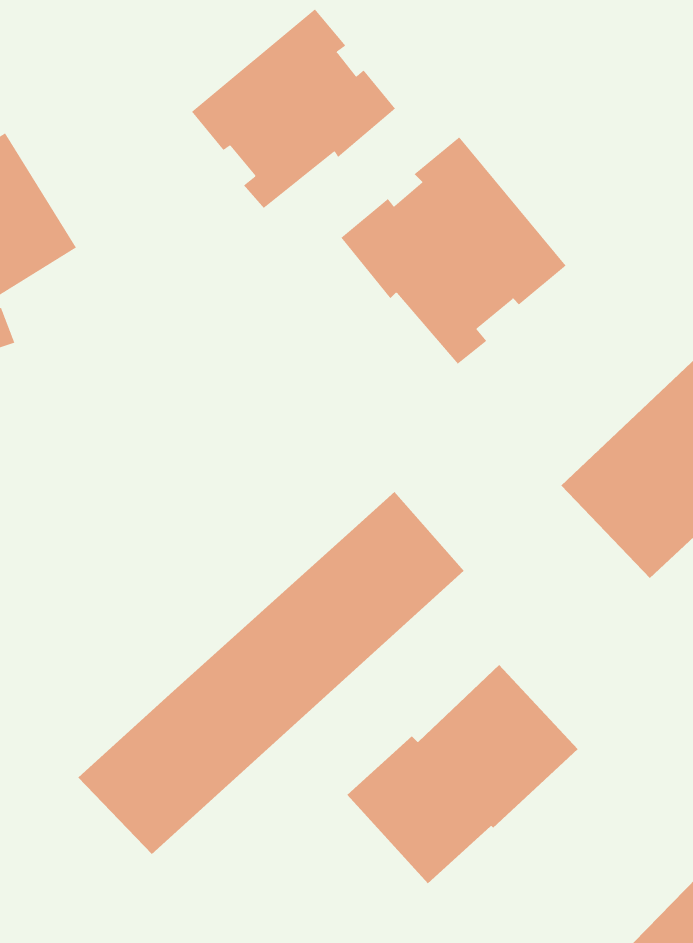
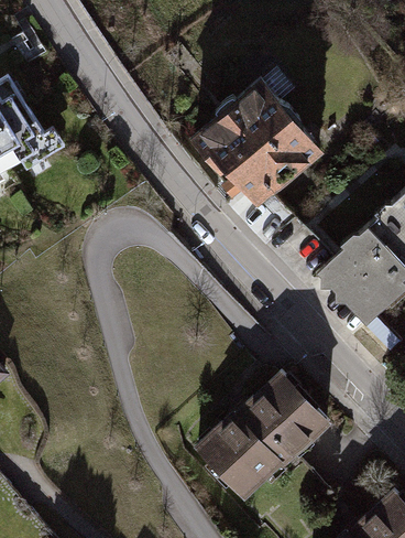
building: [191,9,396,209] -> none
building: [78,491,464,855] -> none

